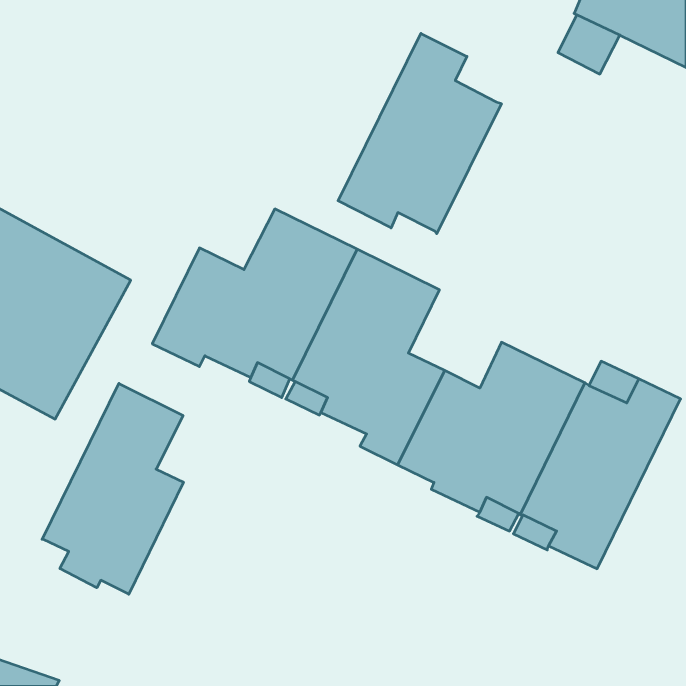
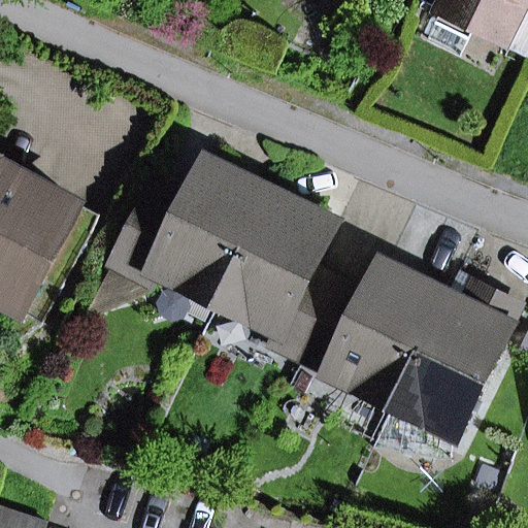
building: [338,33,501,234] -> none
building: [42,383,183,594] -> none

